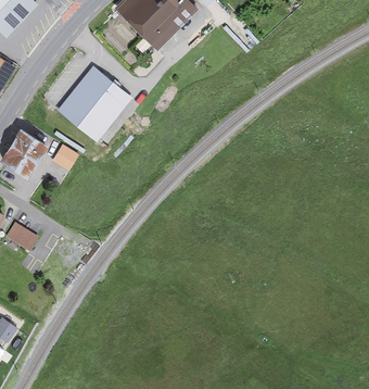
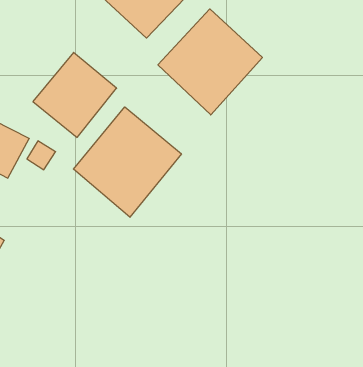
building: none -> [158,9,262,115]
building: none -> [73,107,181,217]

